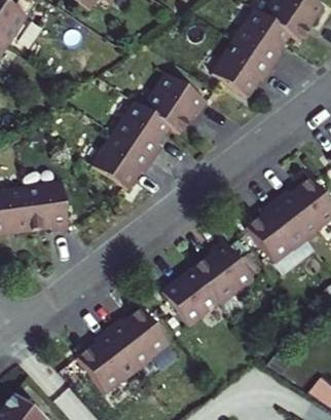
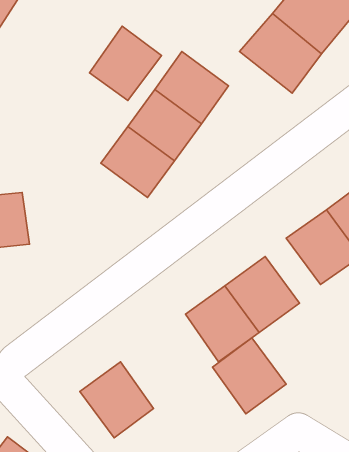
building: none -> [90,26,162,101]
building: [26,181,70,229] -> none
building: [108,303,170,367] -> [213,338,286,414]

